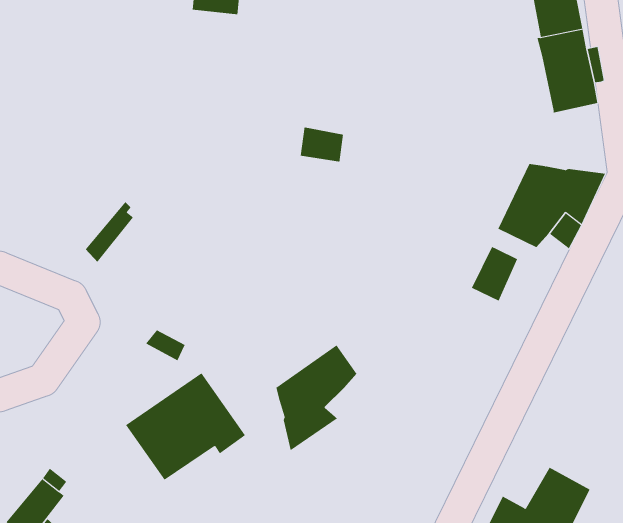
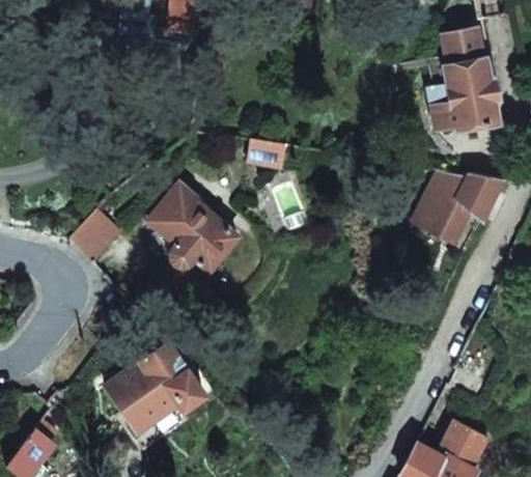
building: none -> [424,83,456,133]
building: none -> [148,184,237,271]
building: [471,246,518,302] -> none
building: [276,345,357,451] -> none

